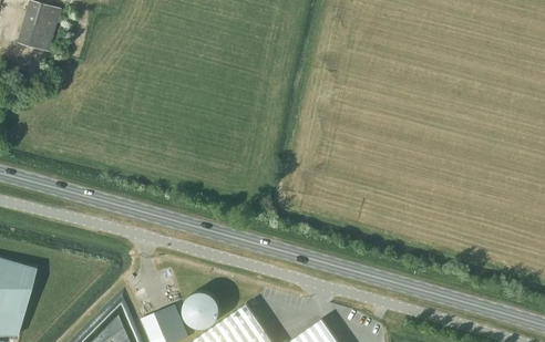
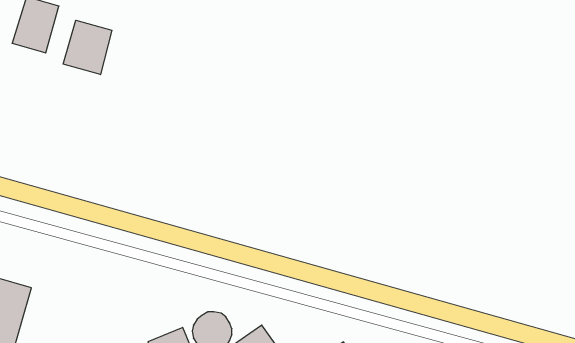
building: none -> [63,20,112,75]

